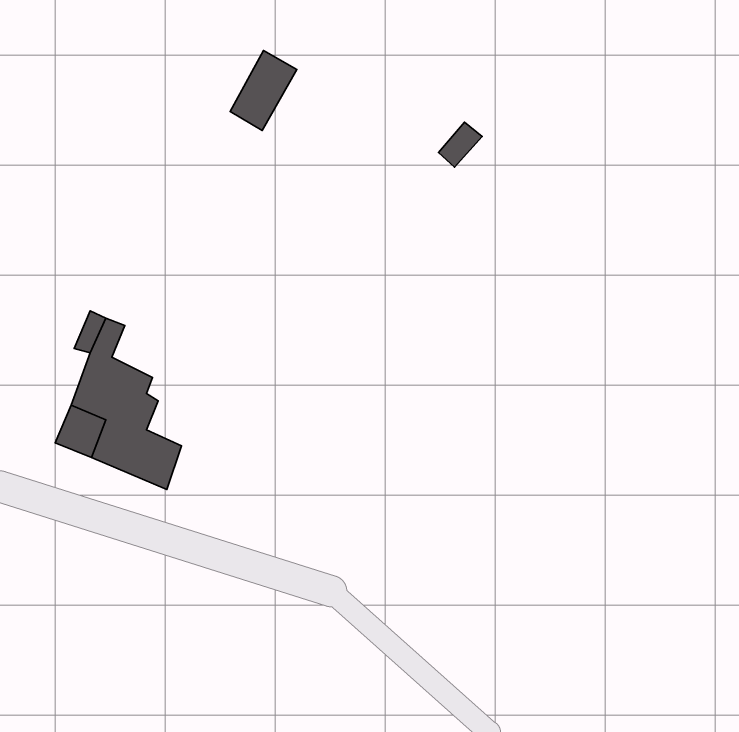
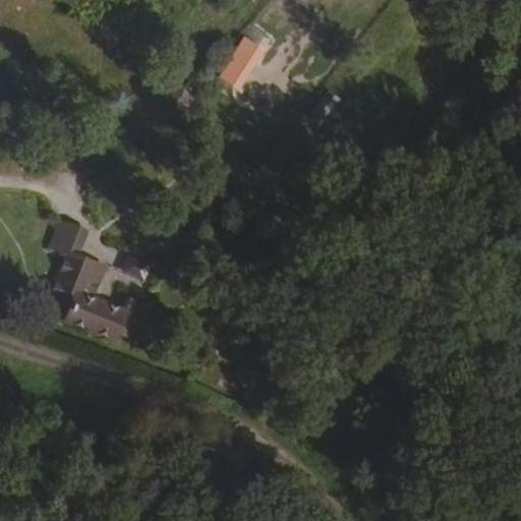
building: [230,51,297,131] -> [218,32,265,88]

